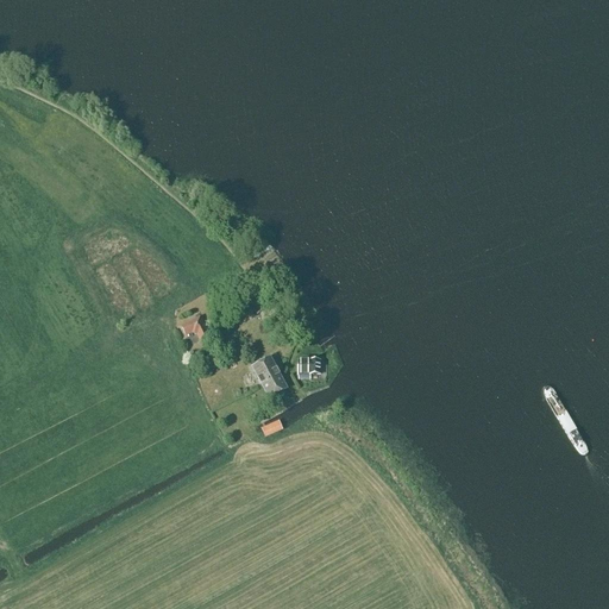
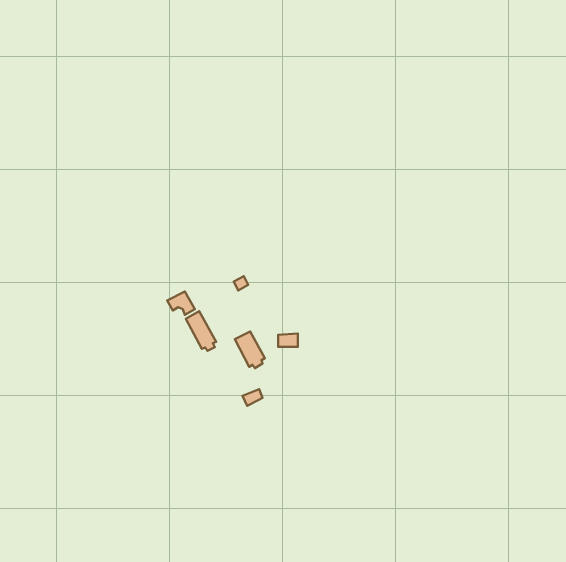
building: none -> [186,311,216,351]

